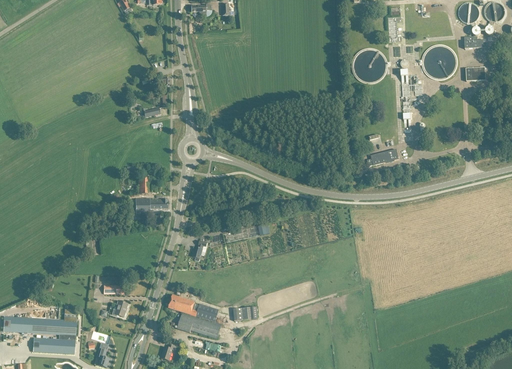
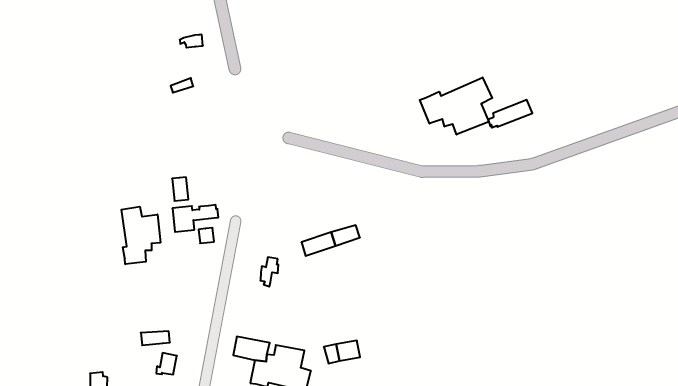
building: none -> [420,77,492,135]
building: none -> [121,207,160,264]

